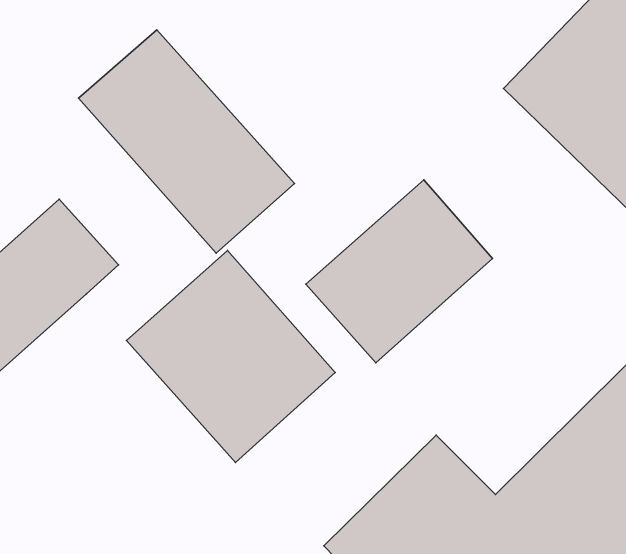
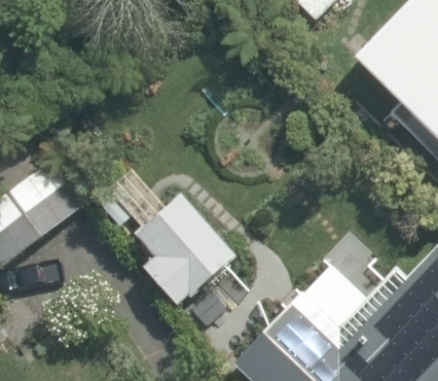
building: [78,30,295,253] -> none
building: [306,180,492,363] -> none

